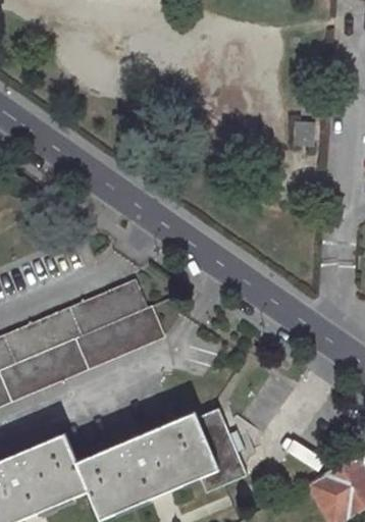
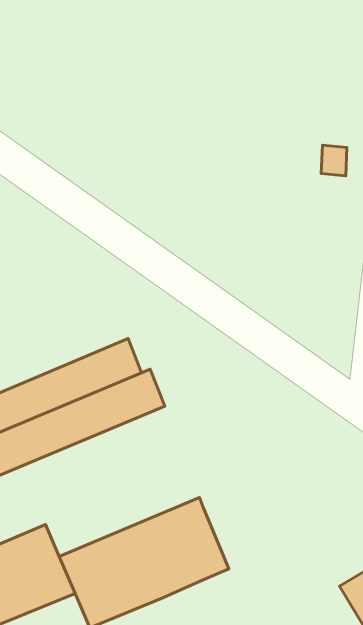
building: [196,410,246,493] -> none

